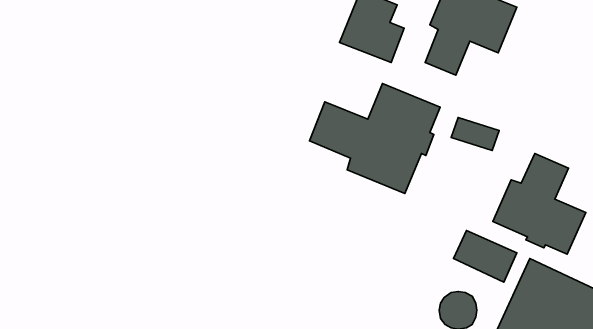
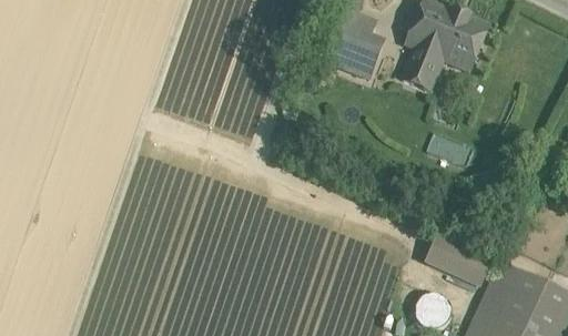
building: [309,83,440,193] -> none
building: [493,154,586,254] -> none

